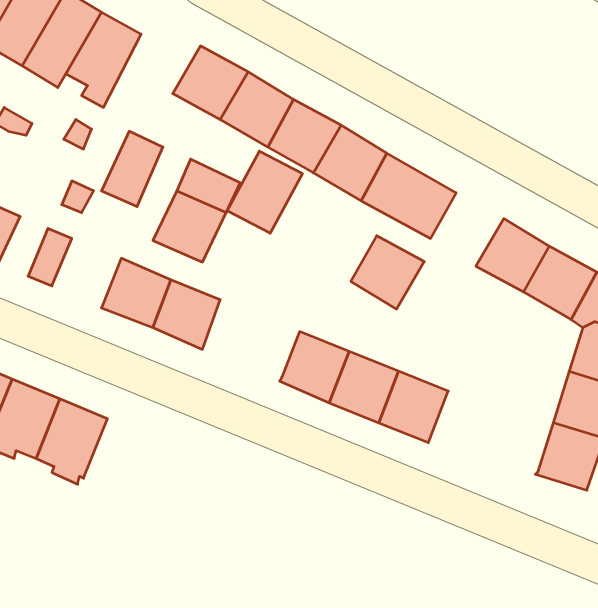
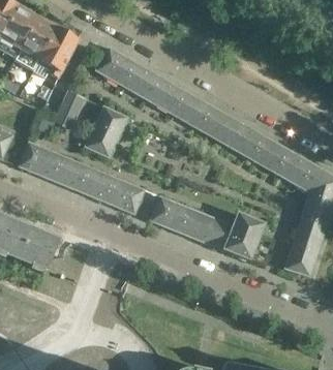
building: [227,151,302,233] -> none
building: [351,236,424,309] -> [229,122,267,160]
building: none -> [31,146,67,182]
building: none -> [110,178,146,214]
building: none -> [228,212,267,261]

